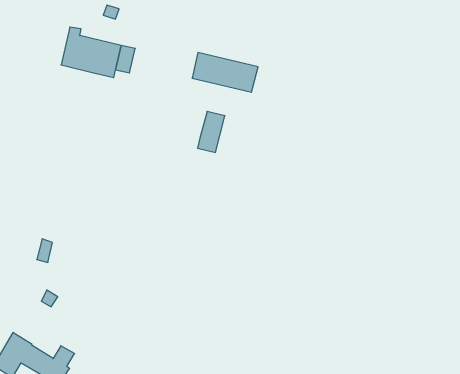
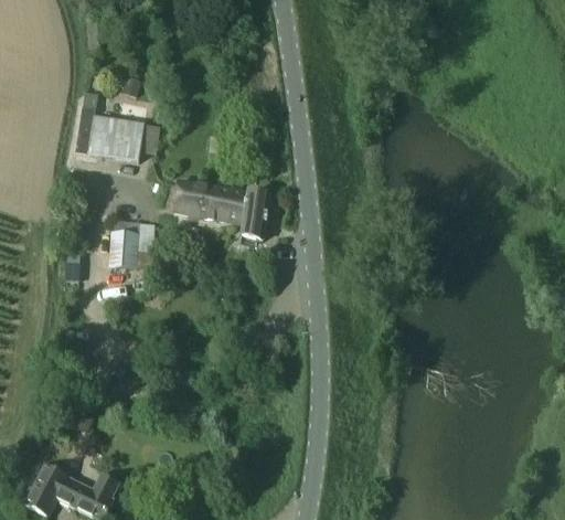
building: [192,53,258,92] -> [173,180,248,221]
building: none -> [109,220,138,266]

